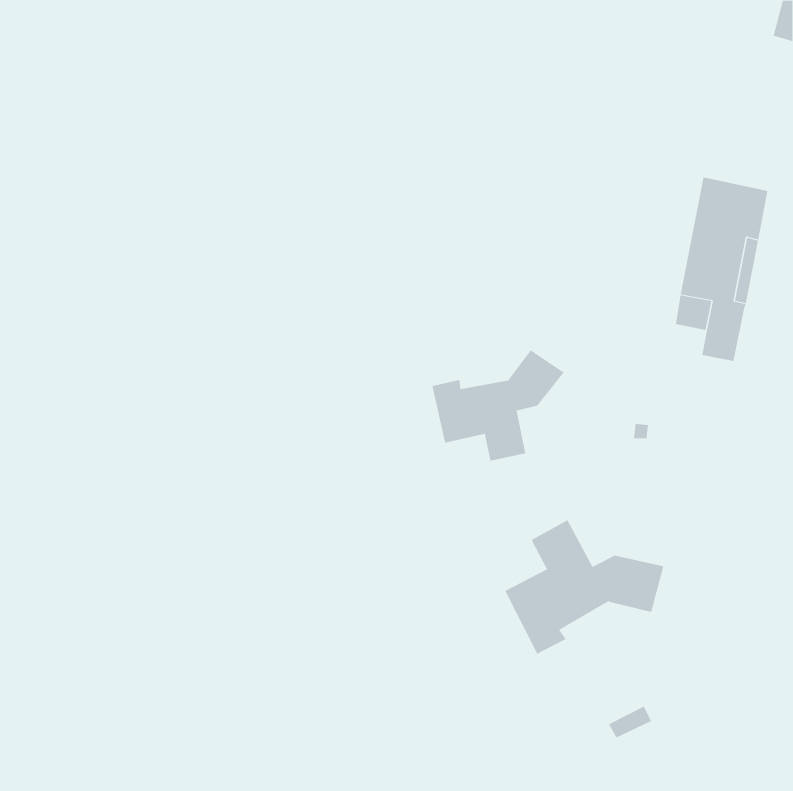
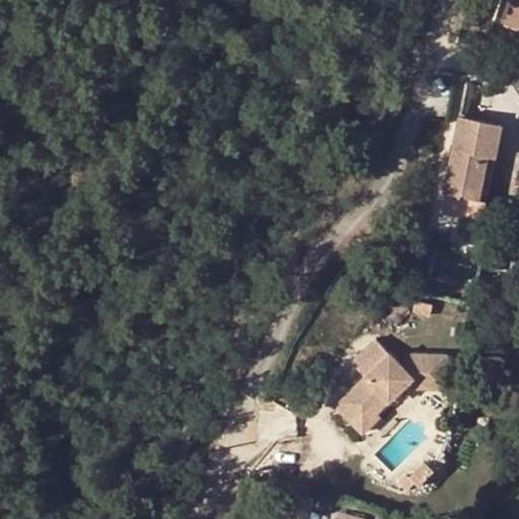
building: [432,349,564,462] -> none

